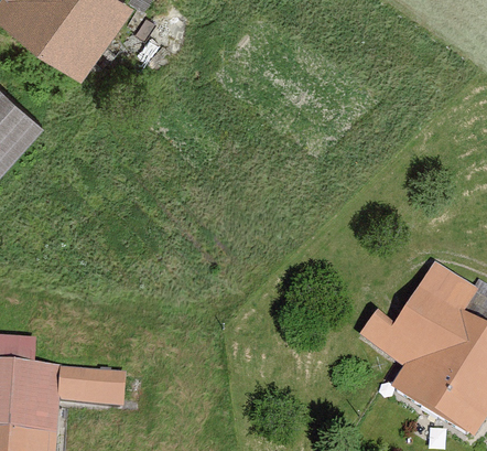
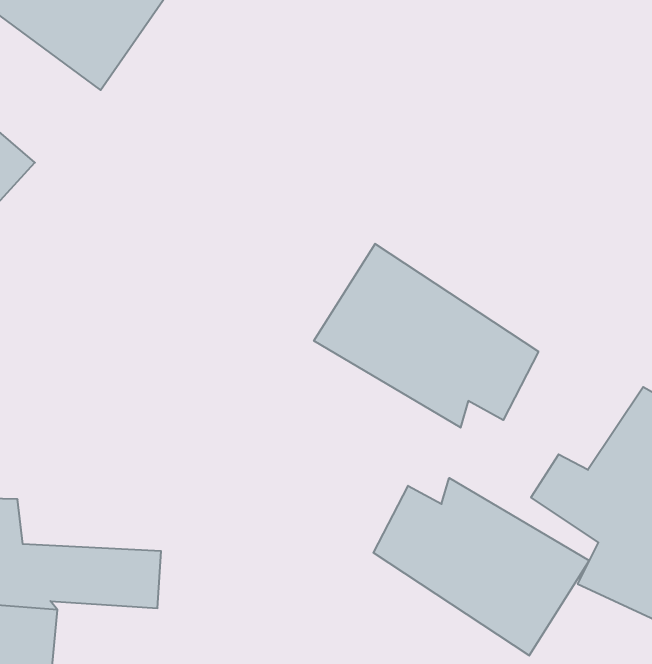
building: none -> [314,244,538,428]
building: none -> [373,478,589,656]

